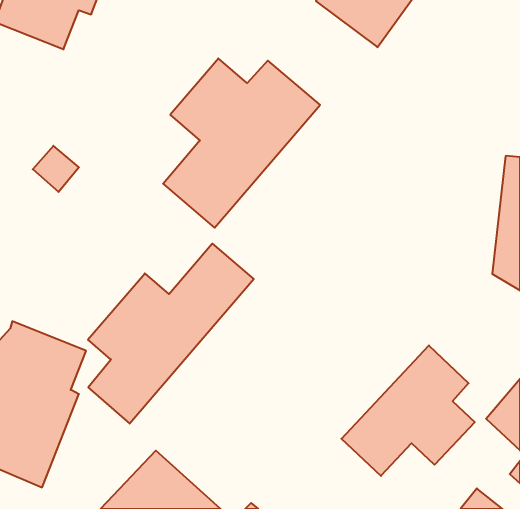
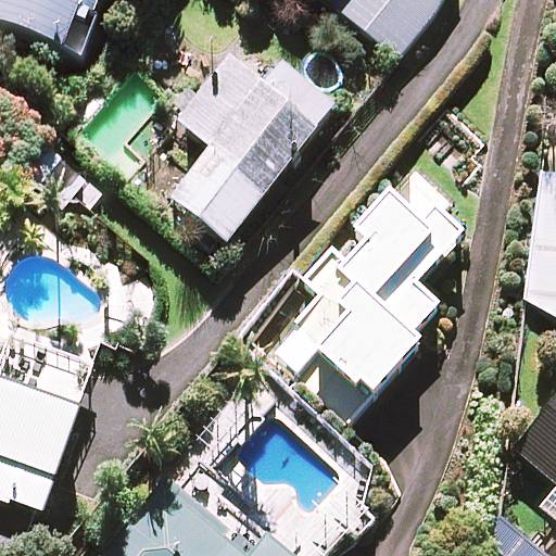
building: none -> [275,165,463,418]
building: [88,244,254,424] -> none
building: [341,345,475,476] -> none

